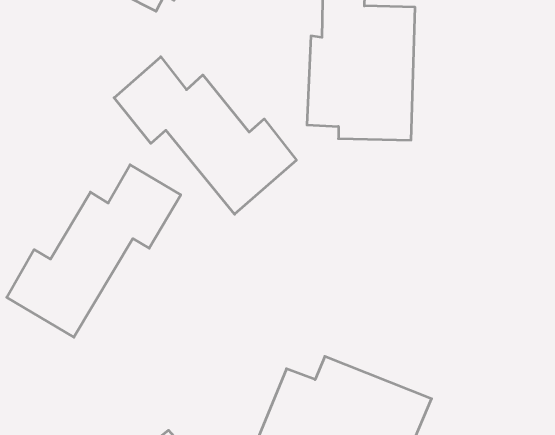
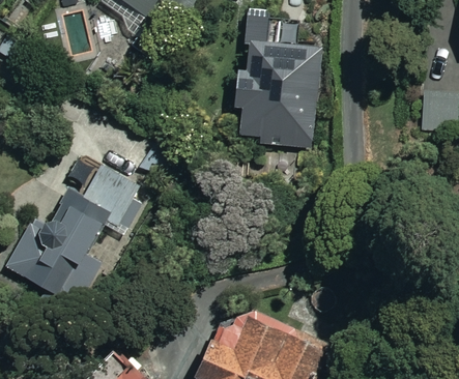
building: [114,57,296,214] -> none

